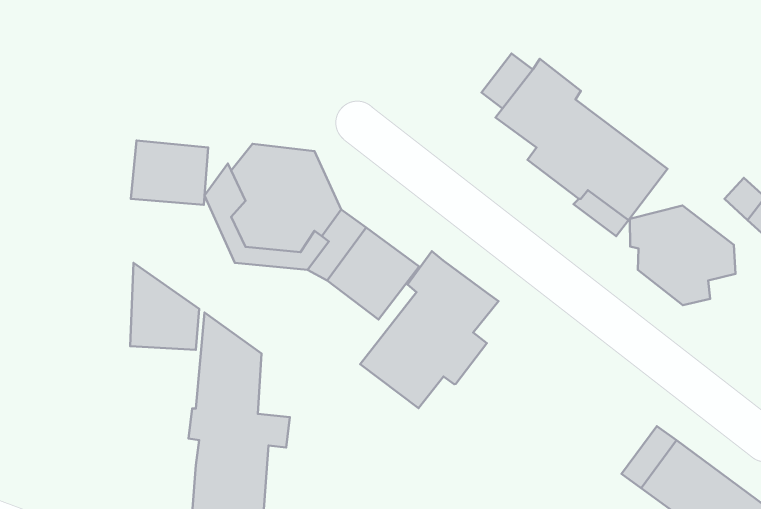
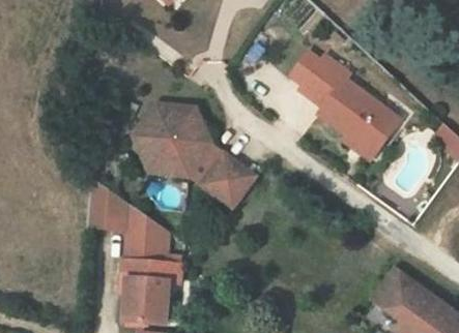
building: [131,141,208,205] -> none
building: [630,206,736,305] -> none
building: [360,251,498,408] -> none

